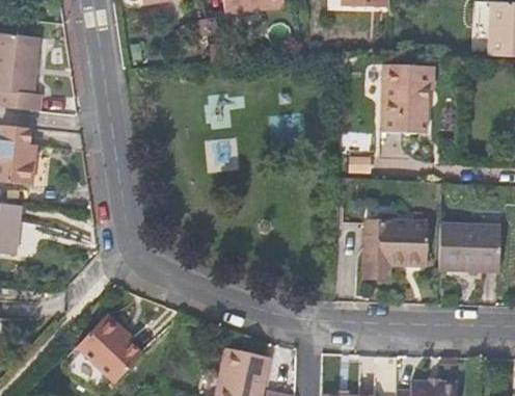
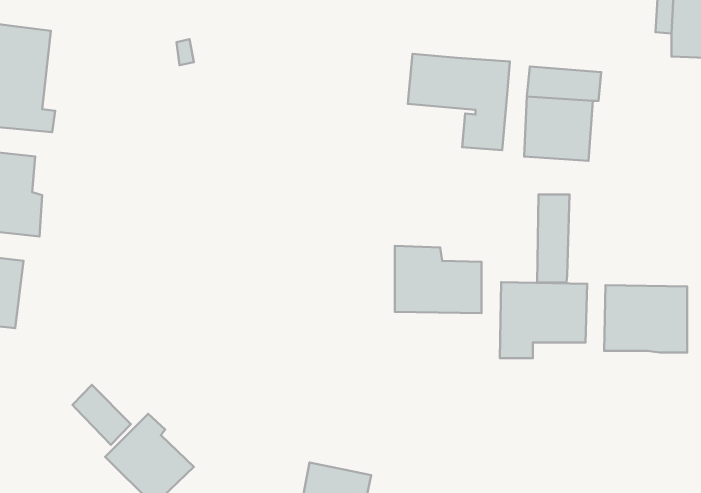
building: none -> [408,54,510,150]
building: none -> [537,194,569,282]
building: none -> [395,246,481,313]
building: none -> [73,385,131,445]

